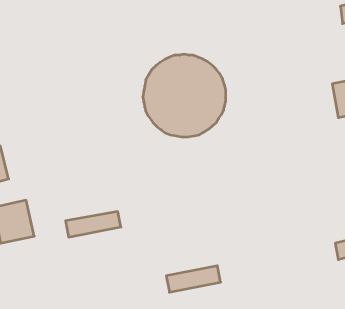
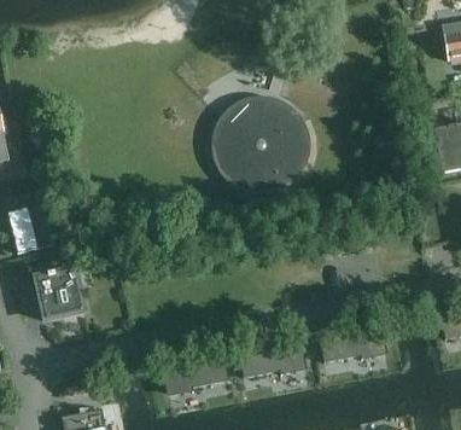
building: [66,212,121,237] -> [165,362,230,393]
building: none -> [322,333,386,364]

